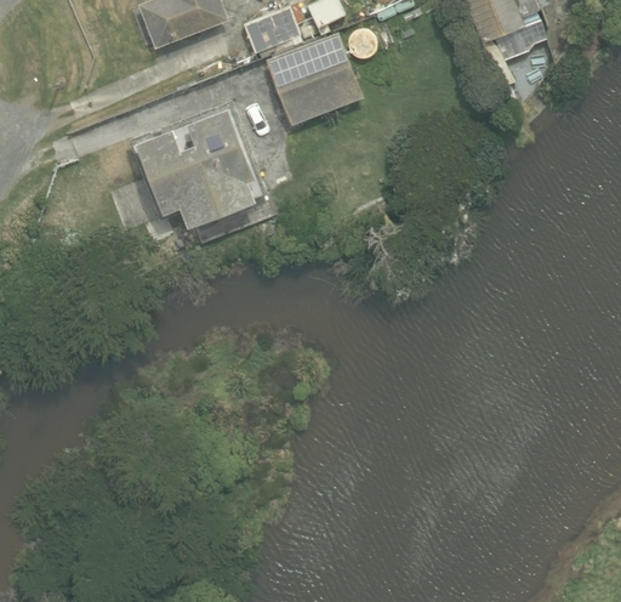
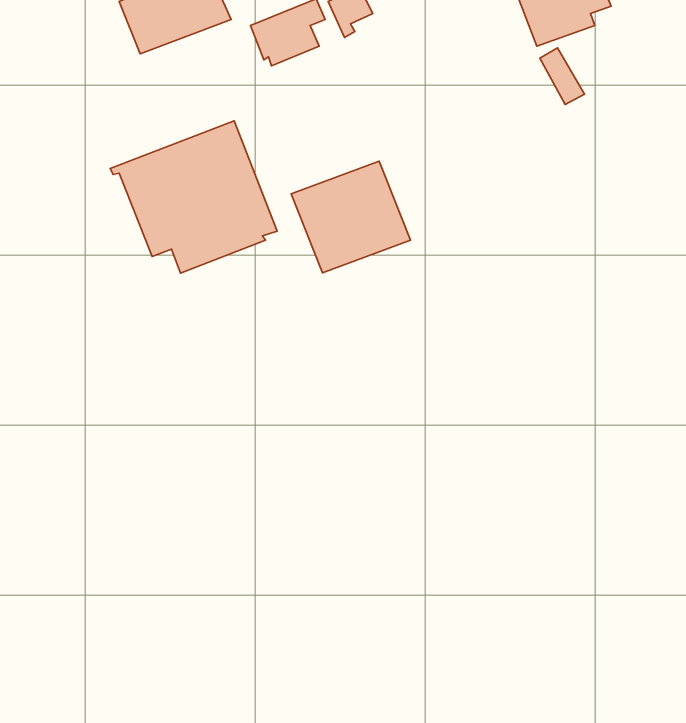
building: [266,34,363,125] -> [291,161,411,273]

